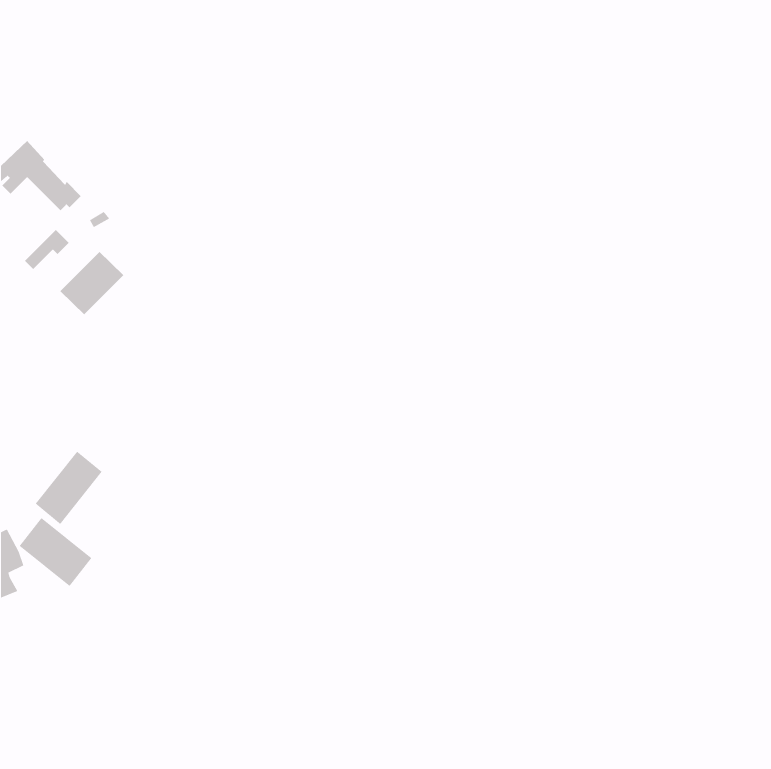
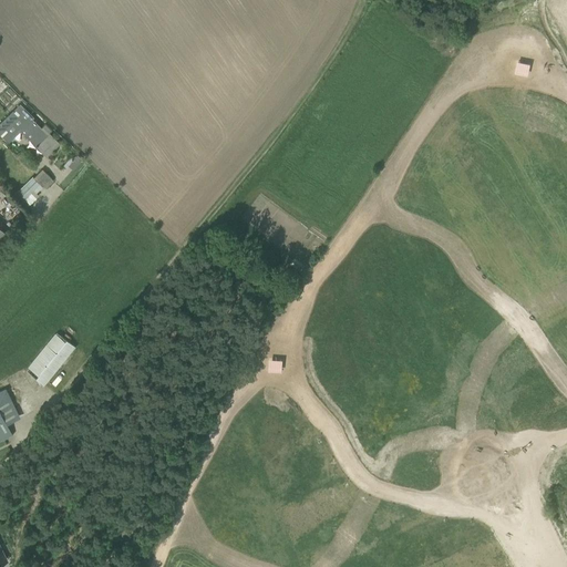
building: [60,251,124,315] -> none
building: [19,517,92,587] -> none

